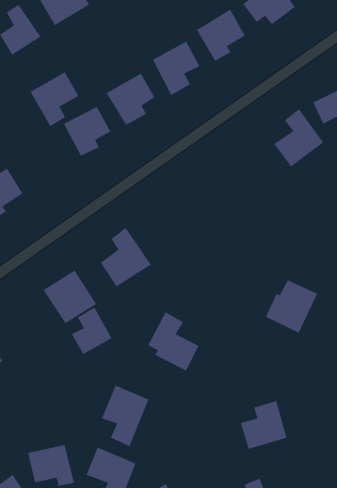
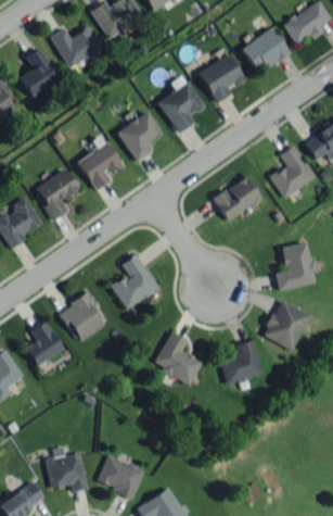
building: [29,71,79,127] -> [34,168,79,219]
building: none -> [213,176,261,219]
building: none -> [274,241,317,290]
building: [71,306,113,355] -> [25,320,63,365]
building: [101,384,149,447] -> none
building: [240,400,287,450] -> [219,339,262,385]

